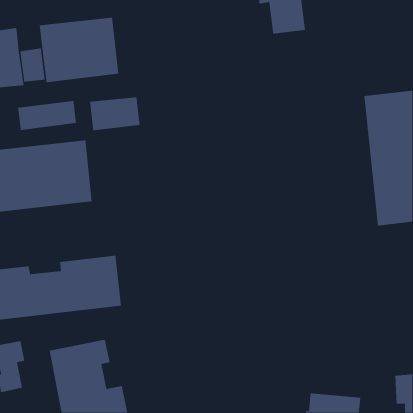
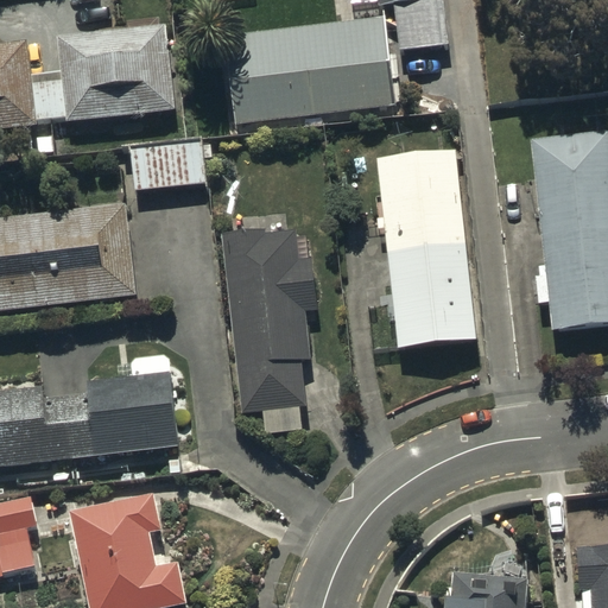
building: none -> [226,17,393,126]
building: [17,100,77,131] -> none
building: none -> [378,151,476,349]
building: none -> [223,229,316,435]

